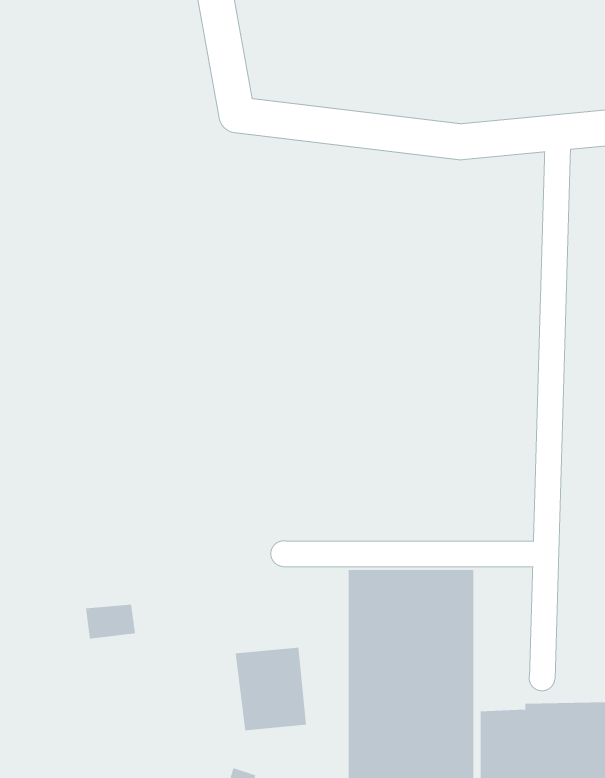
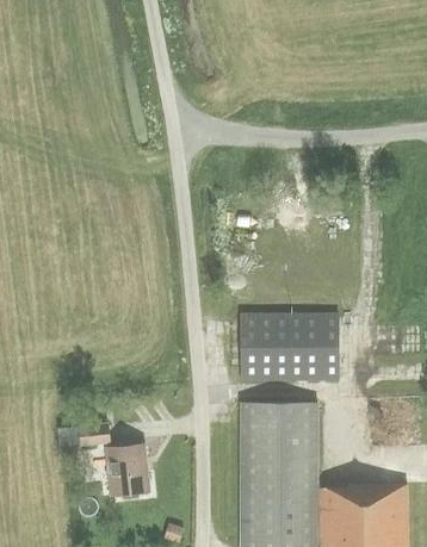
building: none -> [241,315,338,381]
building: [235,647,307,731] -> [105,445,149,496]

